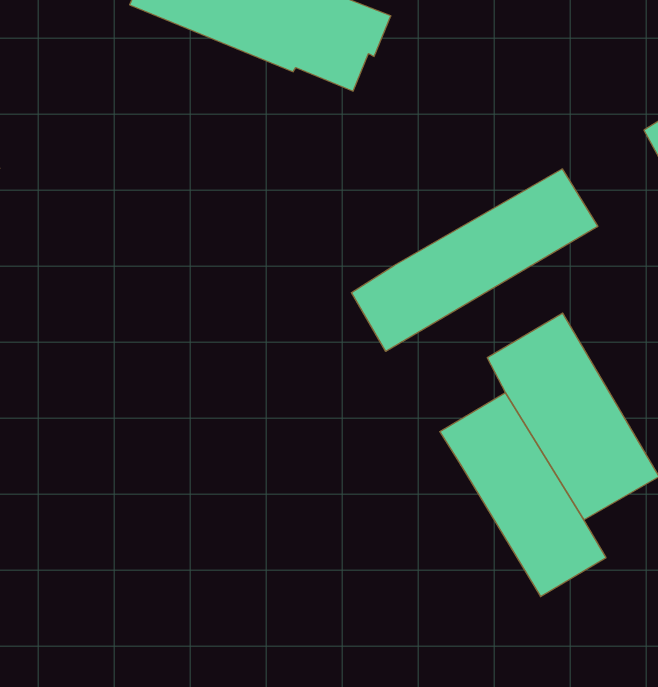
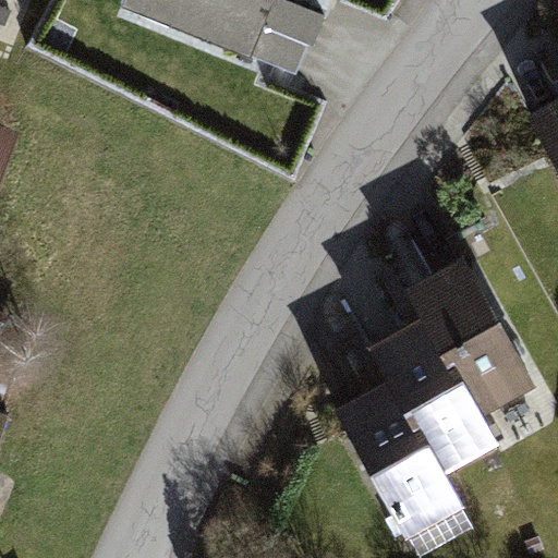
building: [351,169,598,351] -> none
building: none -> [330,371,468,536]

